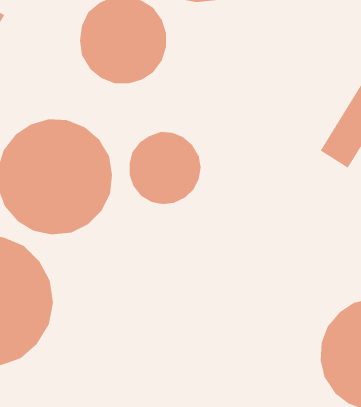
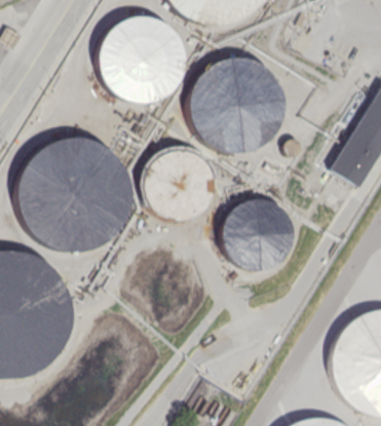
building: none -> [188,57,282,152]
building: none -> [224,197,295,268]

